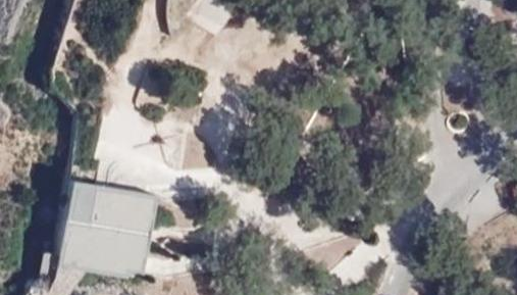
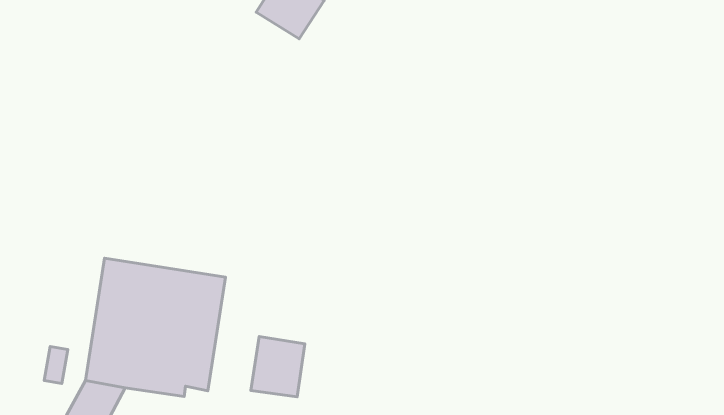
building: none -> [251,336,305,397]

